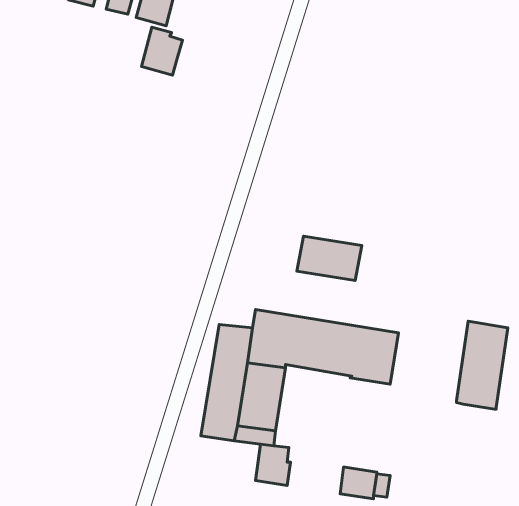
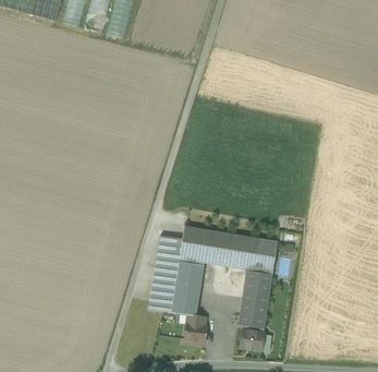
building: [142,27,182,75] -> none
building: [297,236,362,281] -> none
building: [456,321,508,409] -> [239,268,272,326]

